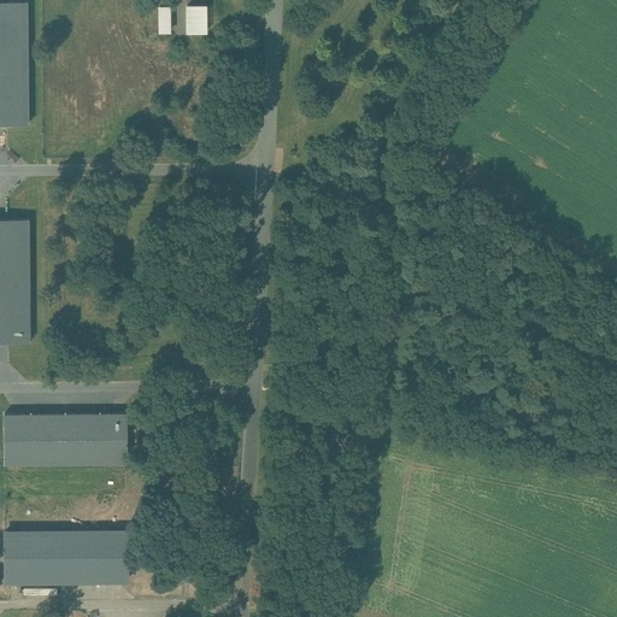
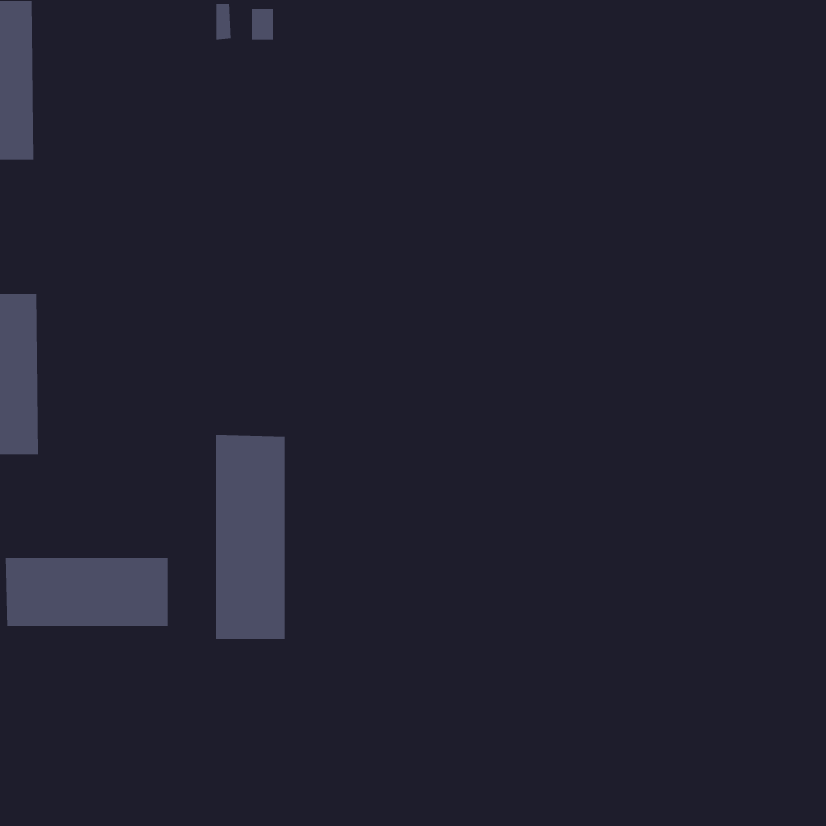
building: none -> [215,434,285,640]
building: [7,533,129,584] -> none

